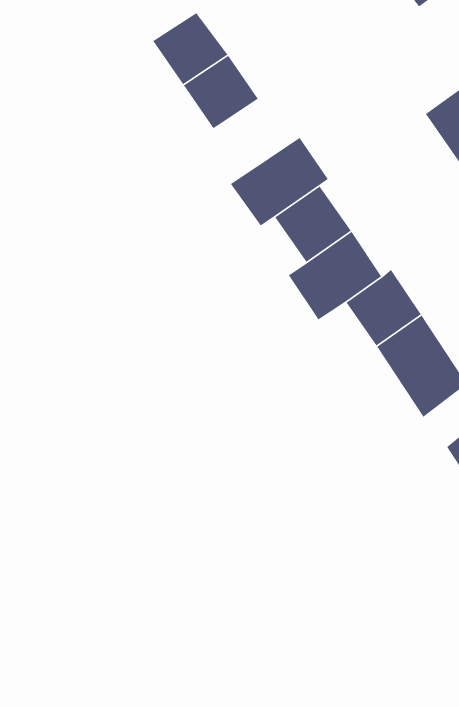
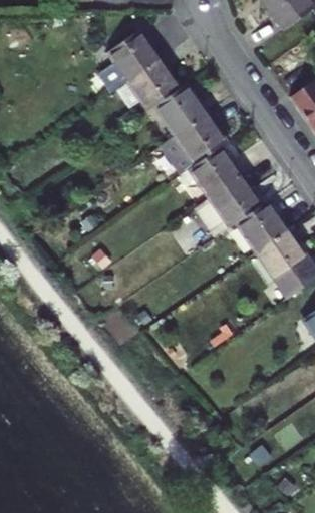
building: none -> [155,84,207,135]

